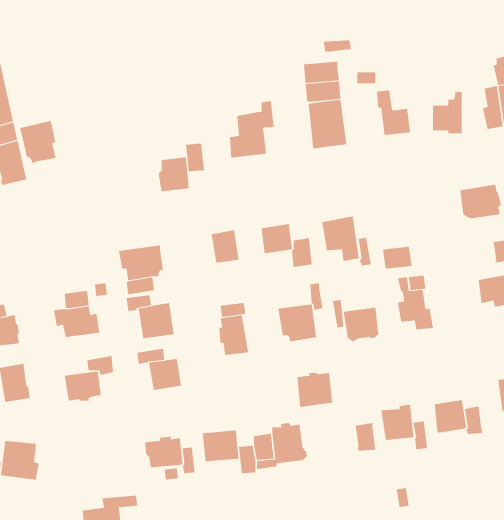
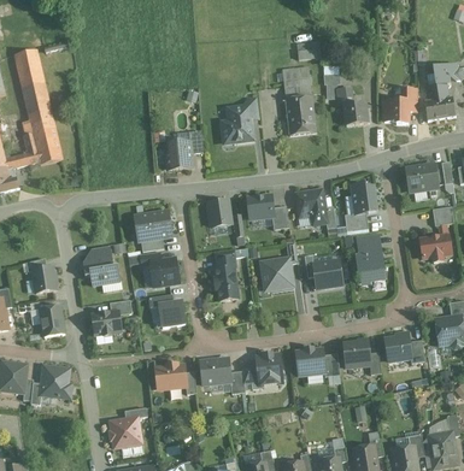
building: [19,120,56,164] -> none
building: none -> [351,183,376,213]
building: [296,372,333,407] -> [295,347,324,375]

